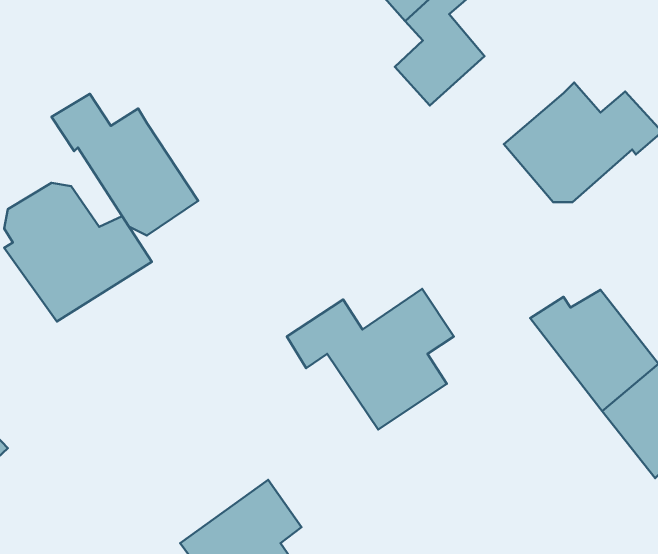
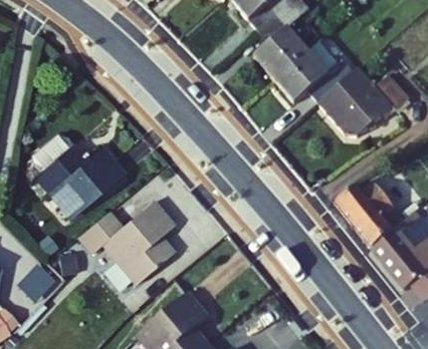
building: none -> [277,42,354,102]
building: [52,94,198,235] -> none
building: [287,289,454,430] -> [77,201,173,281]

